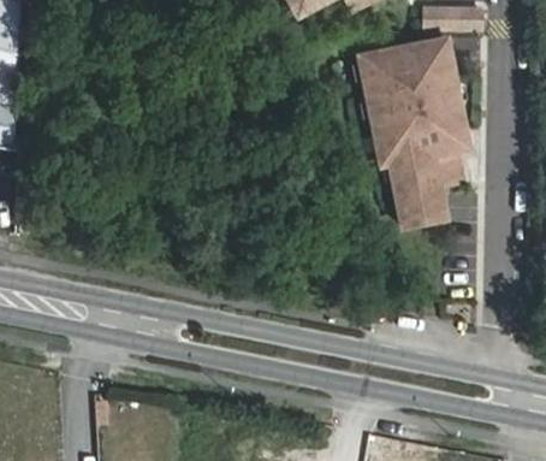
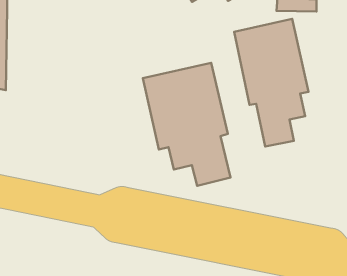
building: none -> [143,63,231,186]

